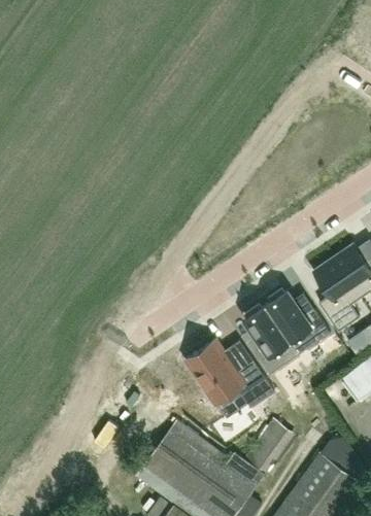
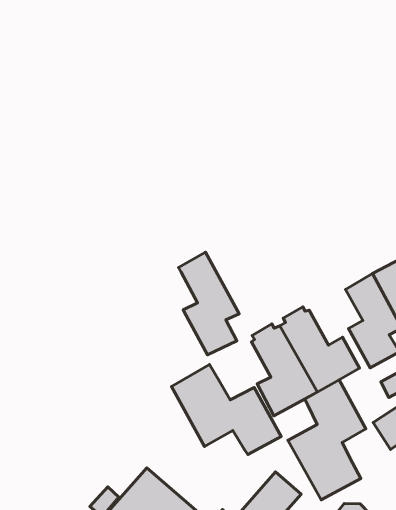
building: none -> [178,252,239,355]
building: none -> [288,380,366,500]

